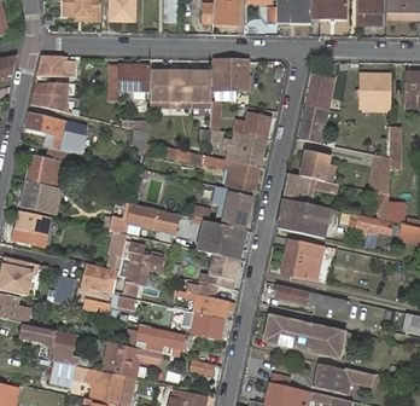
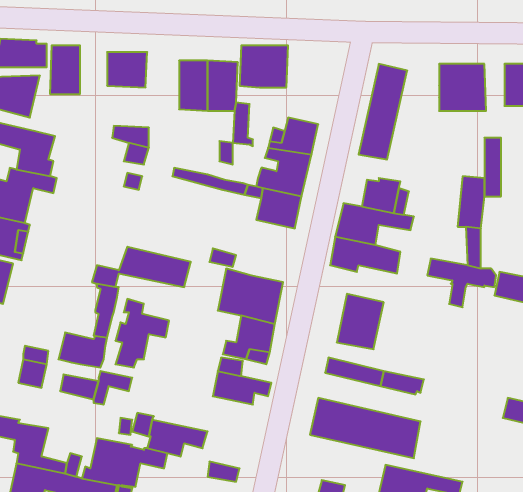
building: [148,70,170,105] -> [50,45,80,94]
building: [212,186,252,230] -> none
building: [192,313,224,340] -> none

